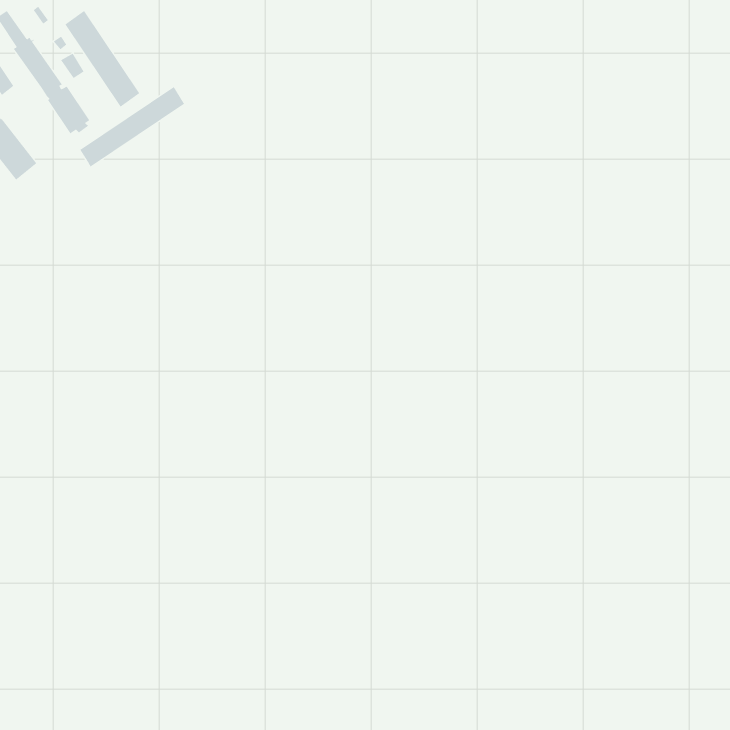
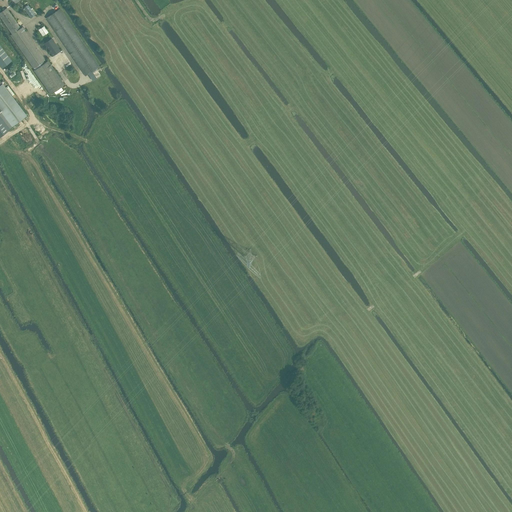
building: [79,86,185,168] -> none

